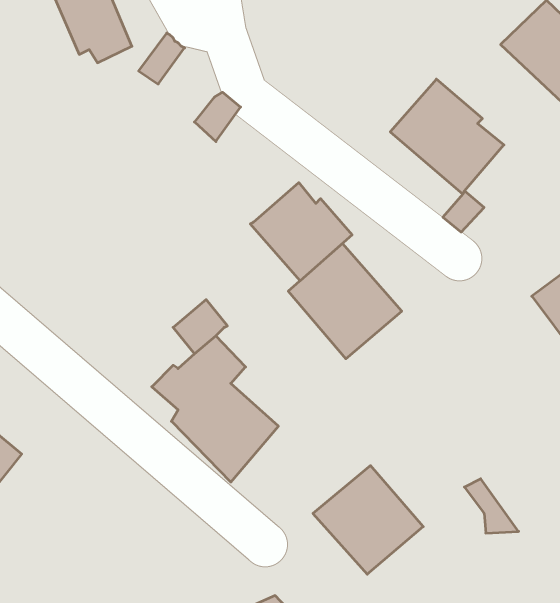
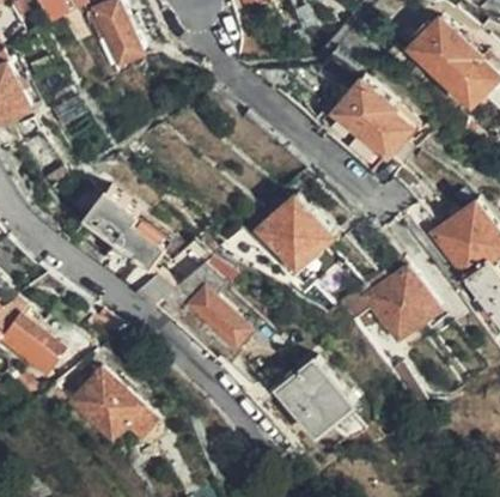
building: [250,183,352,281] -> none
building: none -> [84,186,172,304]
building: none -> [336,265,437,340]
building: none -> [69,365,160,443]

